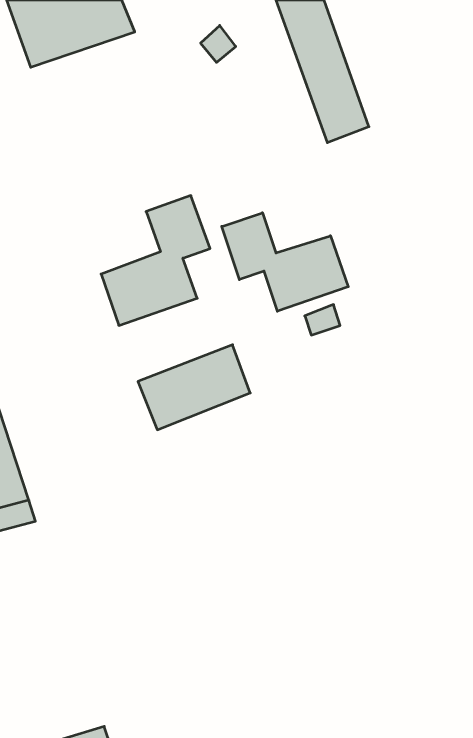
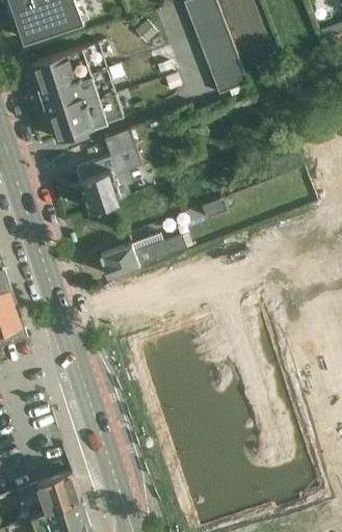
building: none -> [28,43,122,142]
building: [222,213,348,311] -> none

